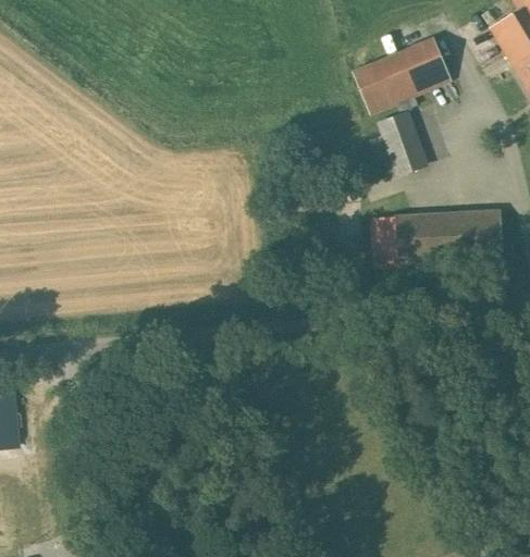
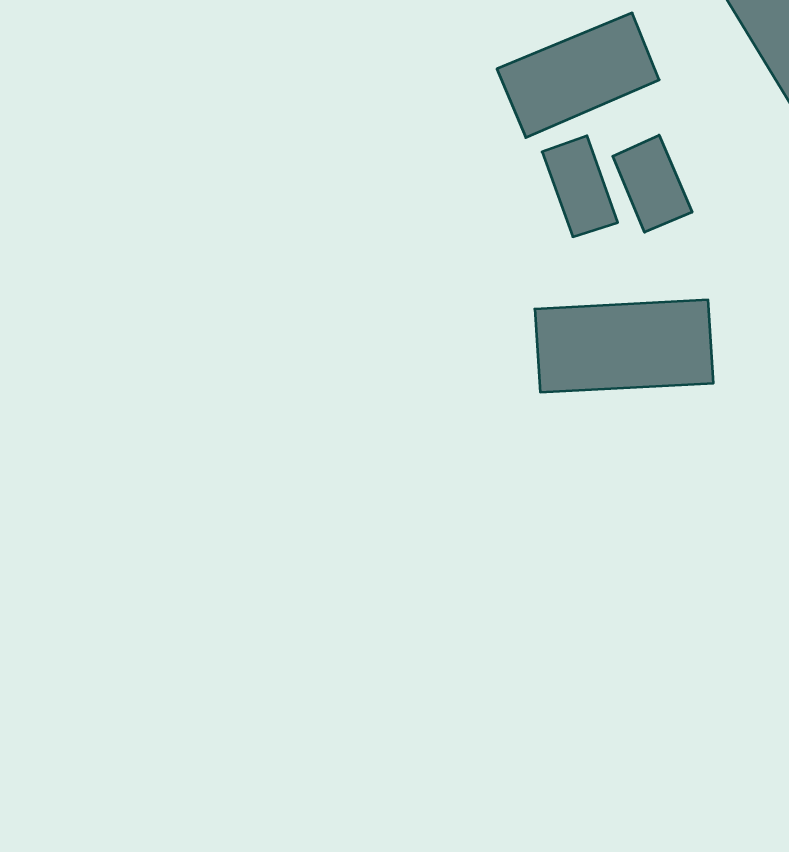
building: none -> [613,135,692,232]
building: [479,209,502,260] -> none

